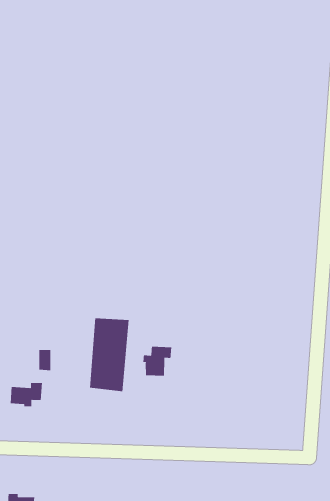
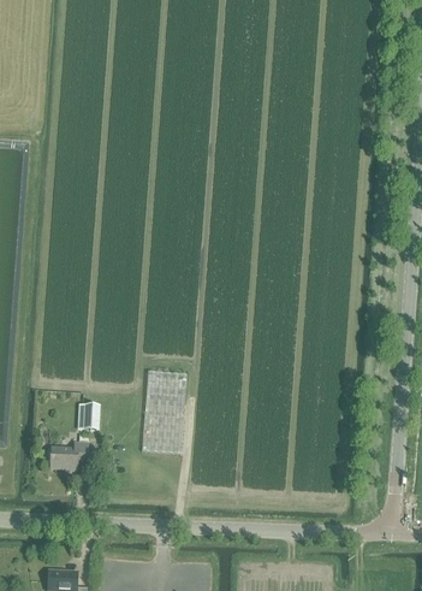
building: [143,346,172,377] -> none

